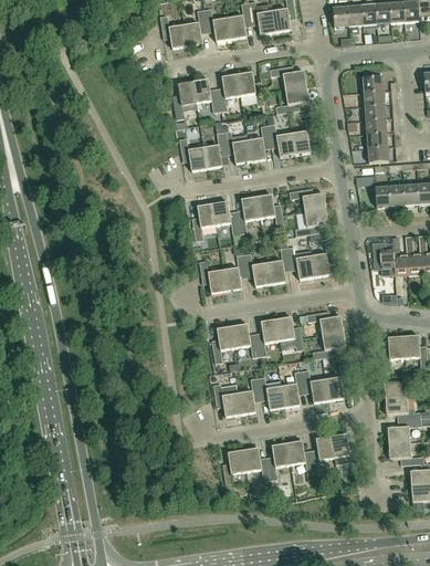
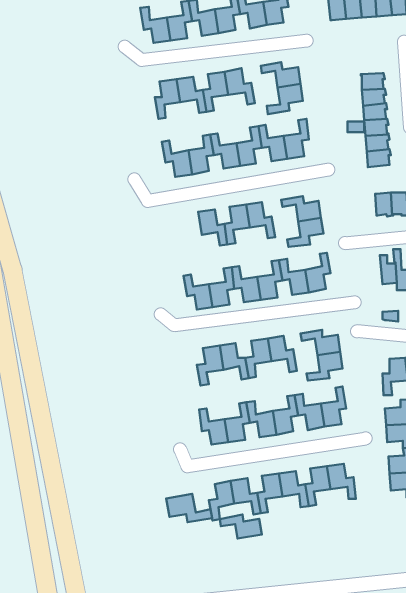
building: [192,202,216,239] -> none
building: none -> [166,494,212,522]
building: none -> [220,515,262,539]

